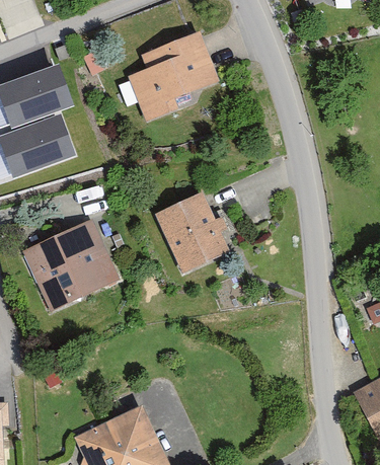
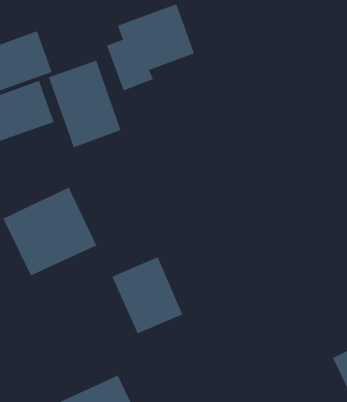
building: none -> [48,60,121,148]
building: [156,195,229,274] -> [111,257,183,334]

